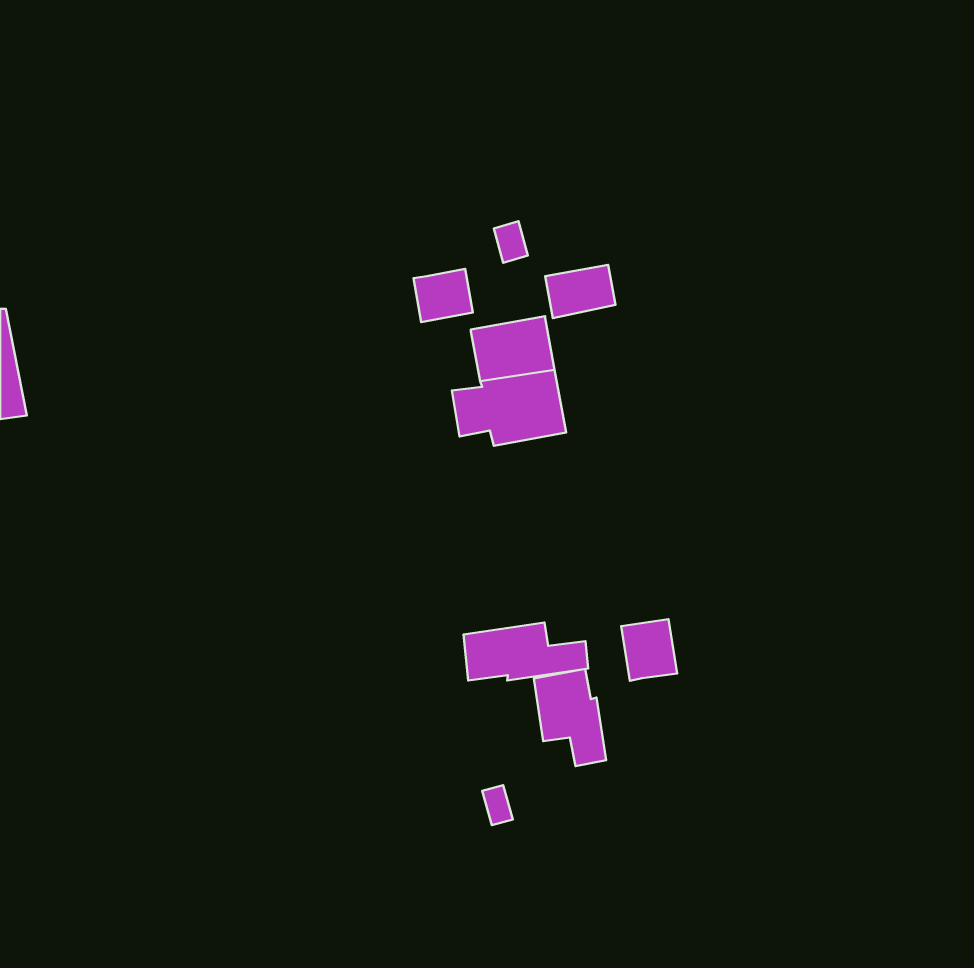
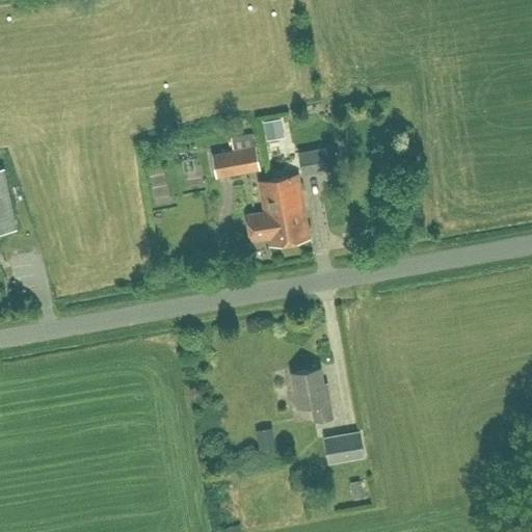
building: [621,619,677,681] -> none
building: [463,622,588,681] -> none
building: none -> [323,431,363,462]

